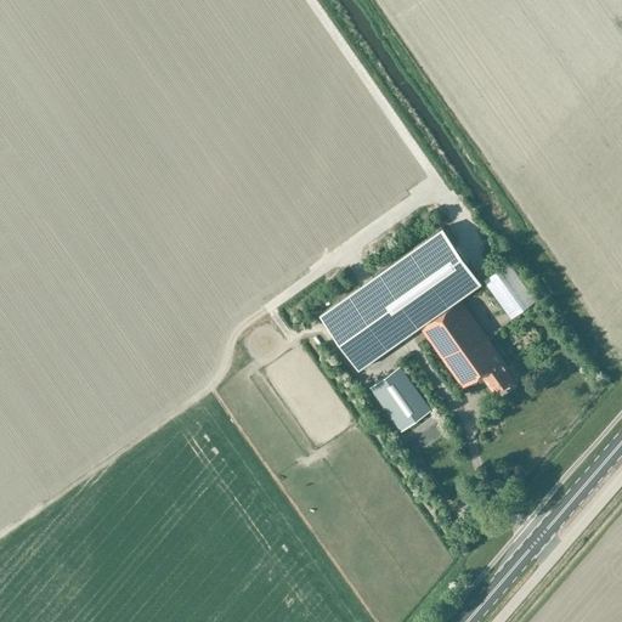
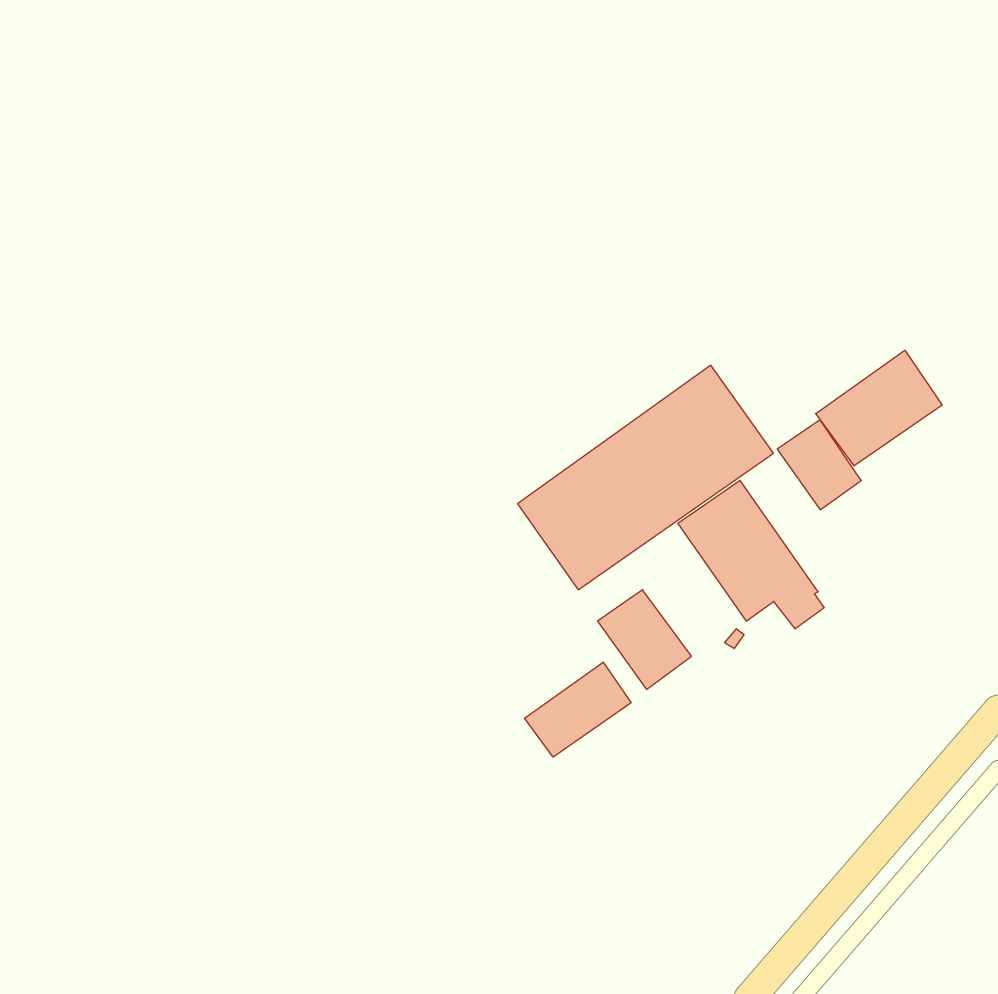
building: none -> [816,350,942,466]
building: none -> [525,662,631,757]

